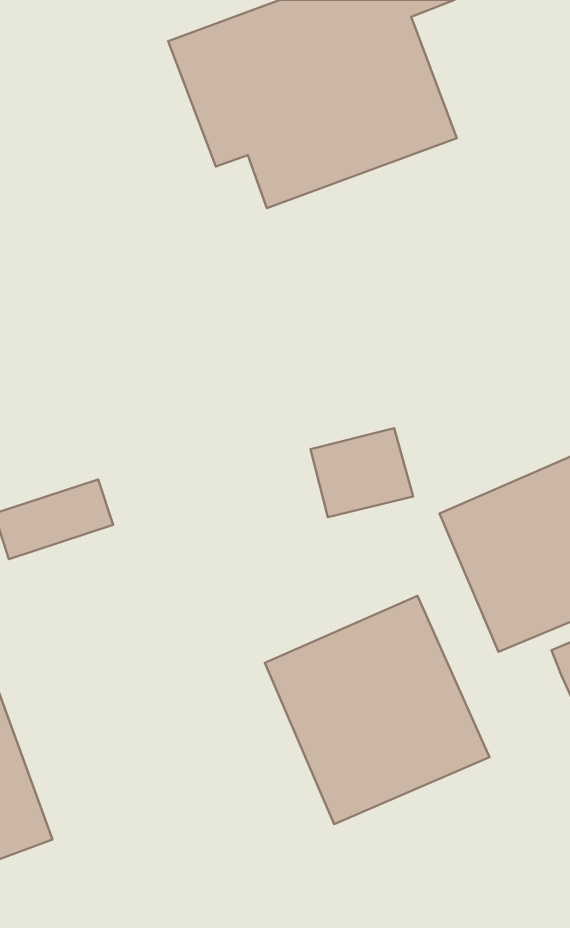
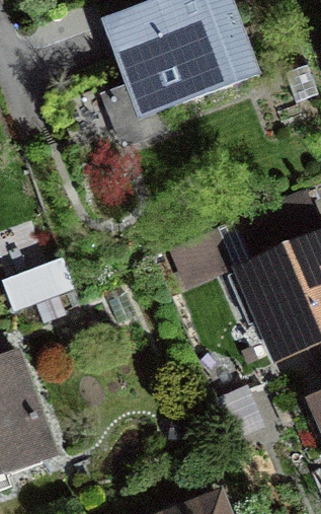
building: [265,596,490,824] -> none

